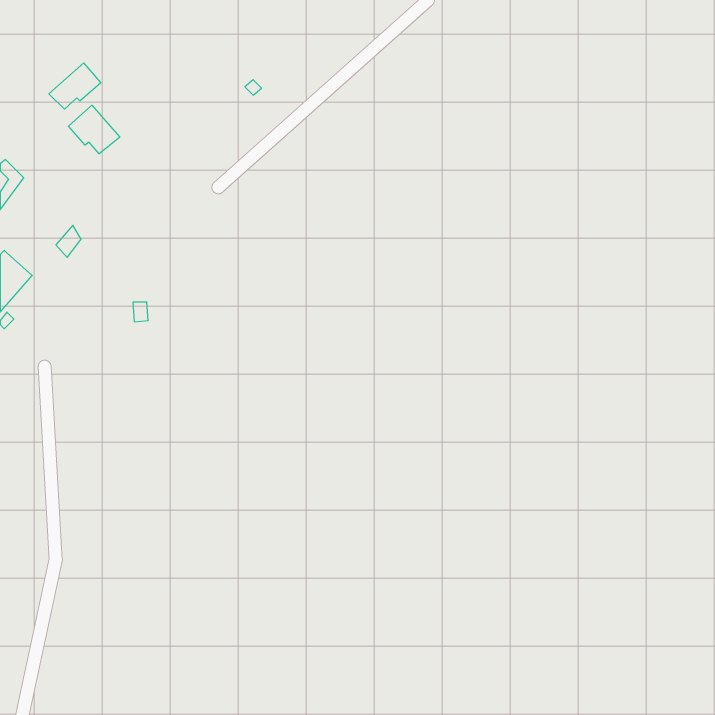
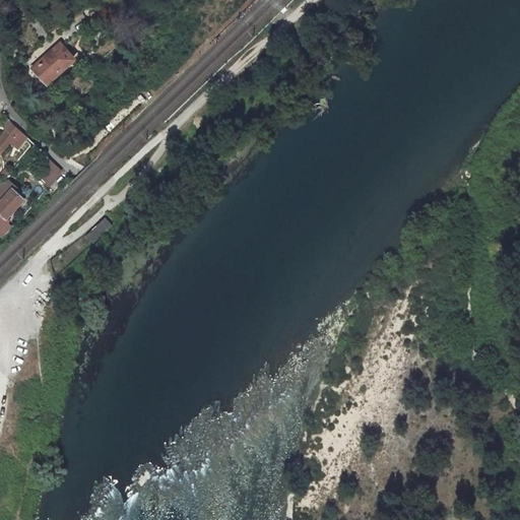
building: [68,105,120,154] -> none

